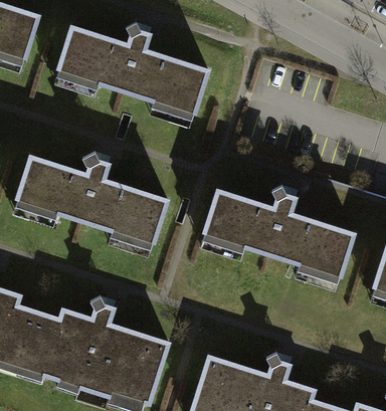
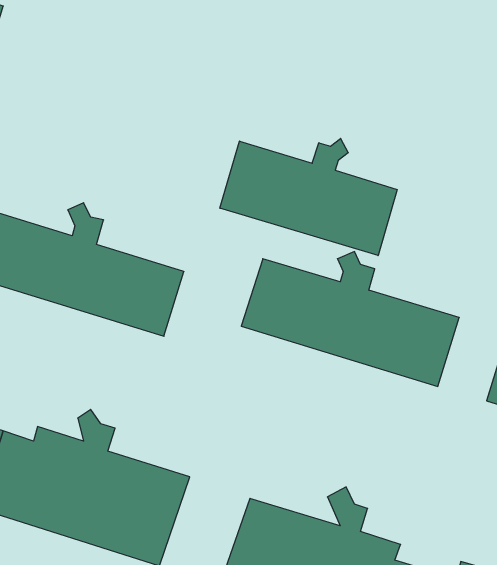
building: [55,21,207,116] -> none
building: none -> [220,138,397,256]

